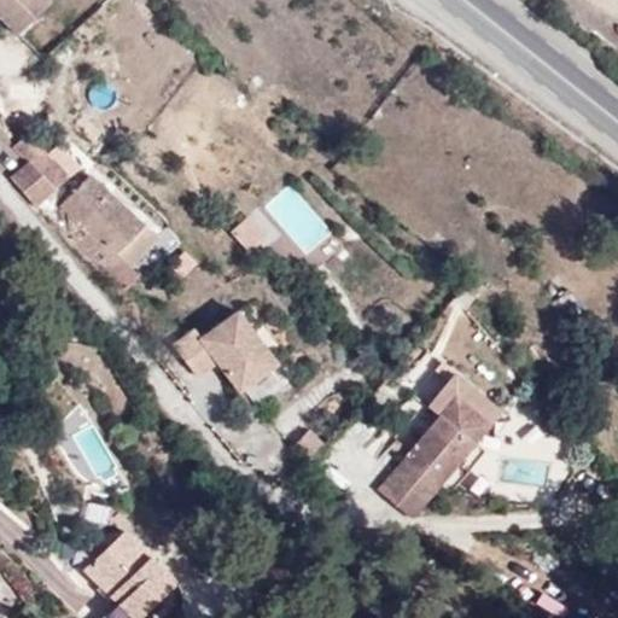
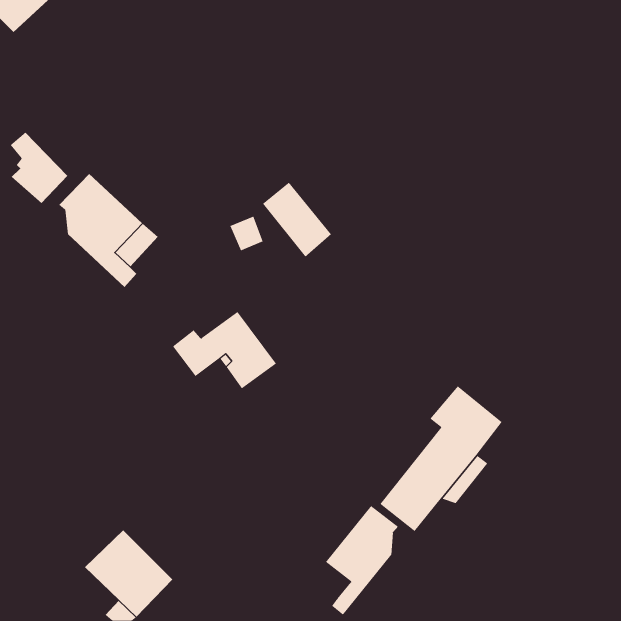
building: none -> [325,505,399,616]

